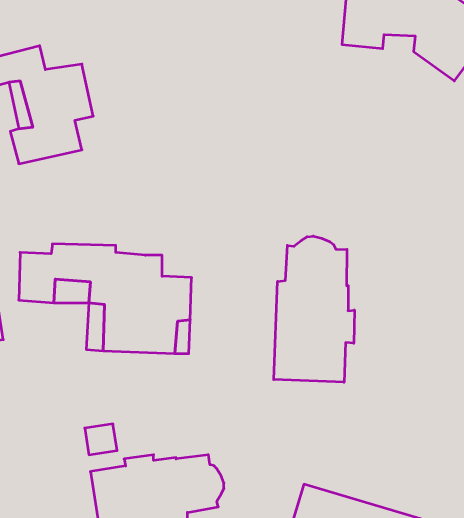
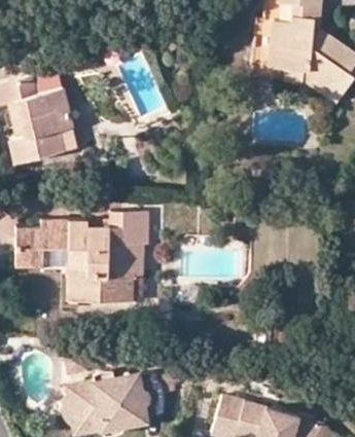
building: none -> [109,212,151,246]
building: [274,236,354,382] -> none

